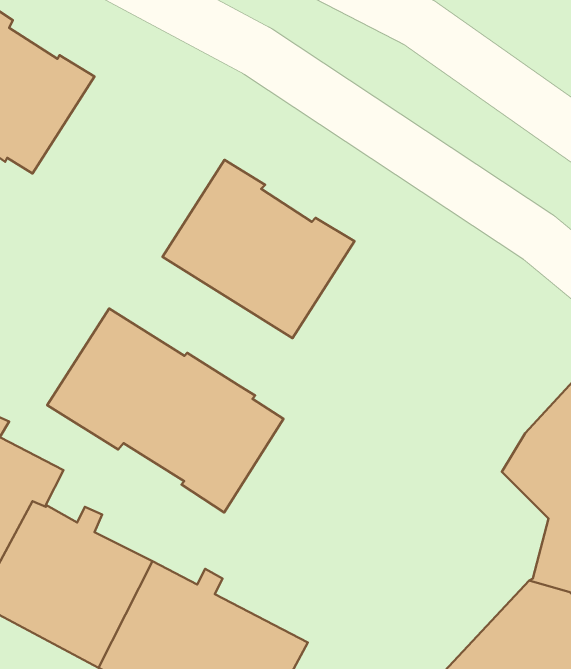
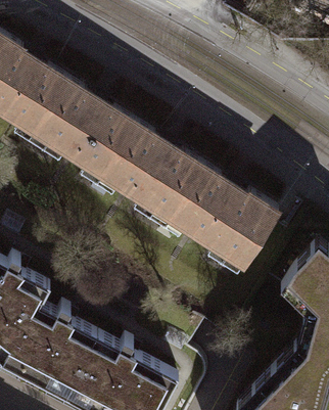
building: none -> [32,82,133,177]
building: none -> [169,169,277,268]
building: [47,308,283,512] -> none

